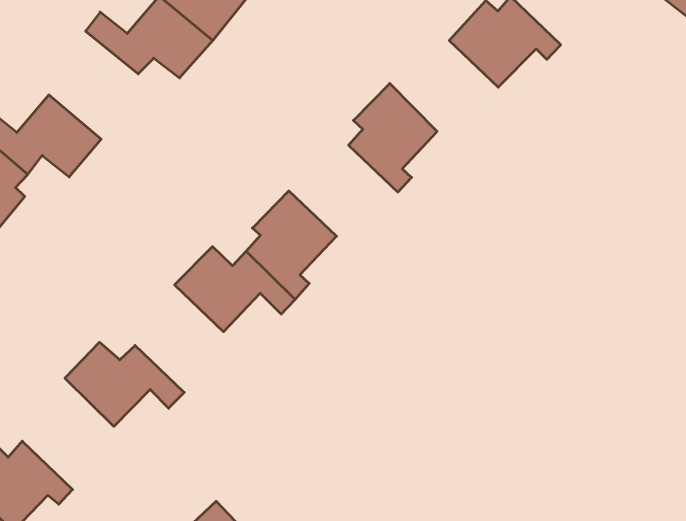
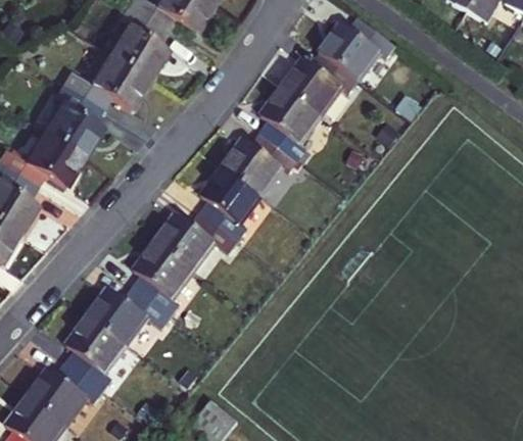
building: none -> [48,80,107,152]
building: none -> [280,53,354,116]
building: none -> [221,134,295,197]
building: none -> [130,245,189,317]
building: none -> [61,318,123,394]

